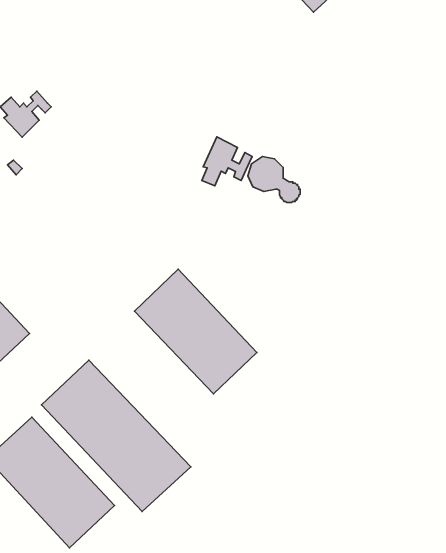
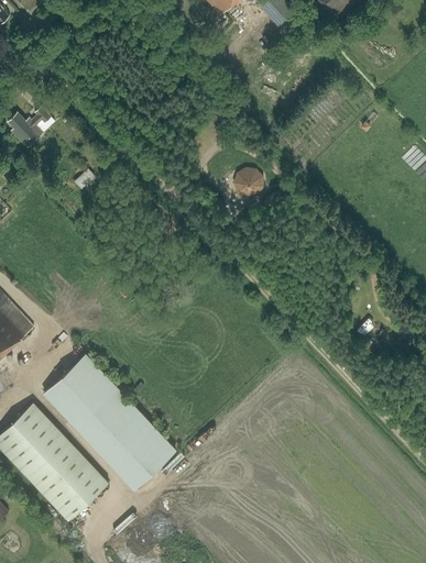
building: [202,137,252,186] -> none
building: [135,269,257,394] -> none

